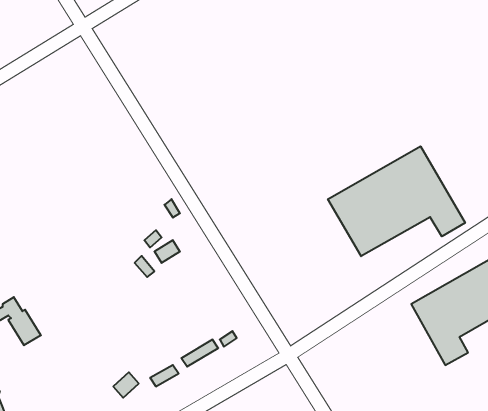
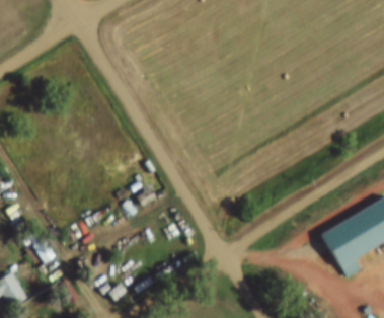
building: [328,146,465,256] -> none

